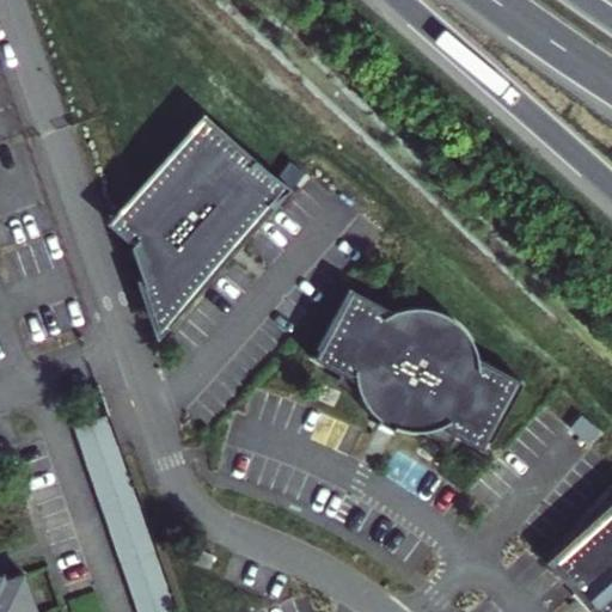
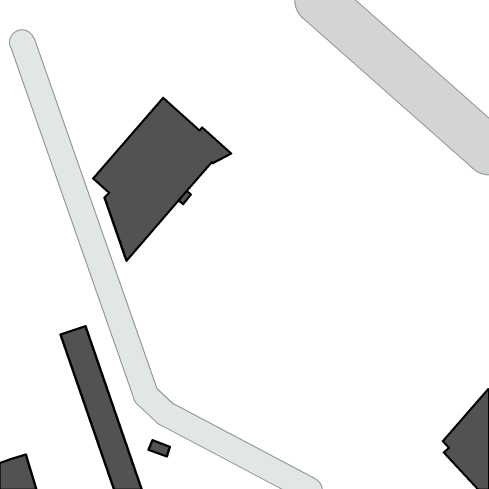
building: [311,292,525,455] -> none

